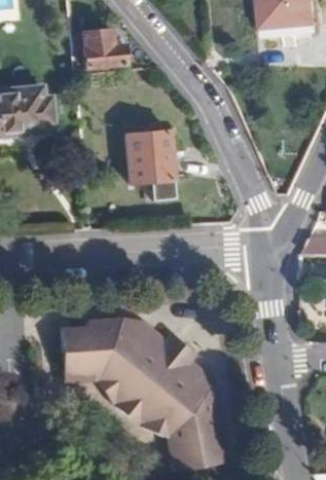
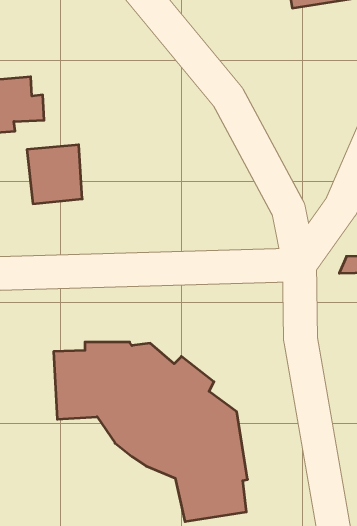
building: [80,30,122,70] -> none
building: [123,136,171,186] -> [27,145,82,204]

